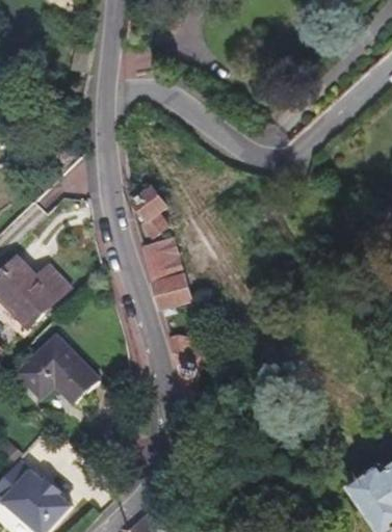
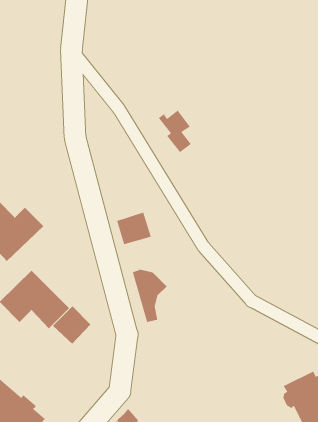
building: [129,188,167,238] -> [158,109,192,153]
building: [141,238,183,282] -> none
building: none -> [52,306,91,344]

